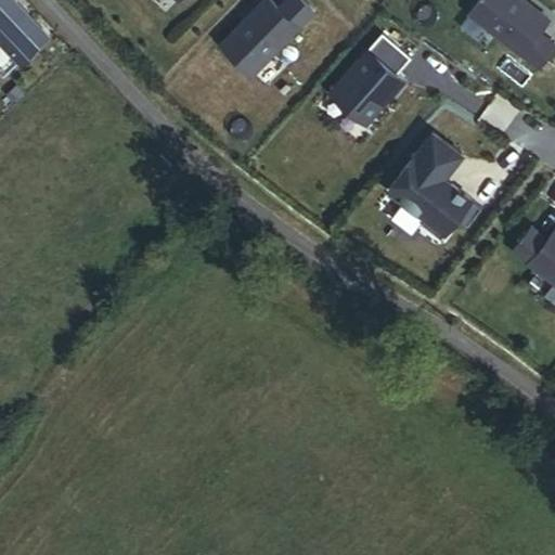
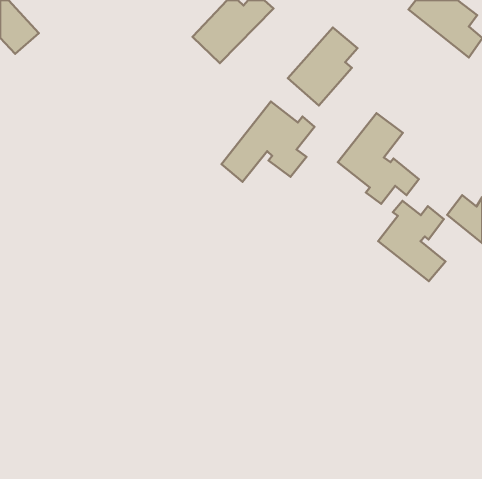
building: none -> [222,102,315,182]
building: none -> [378,201,445,281]

